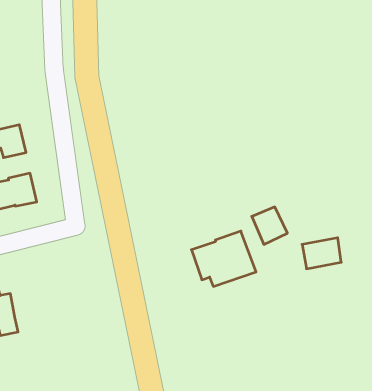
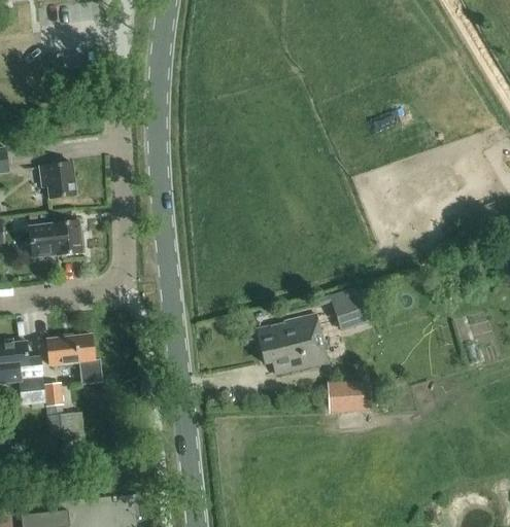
building: [302,238,341,269] -> [327,379,370,411]
building: none -> [47,332,103,383]
building: none -> [42,381,71,438]

